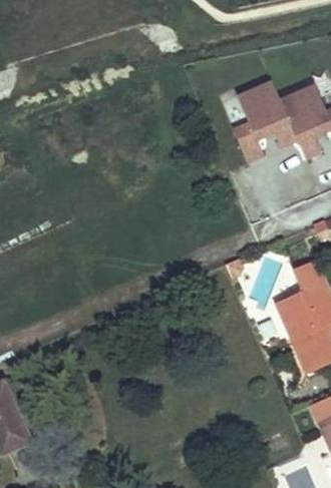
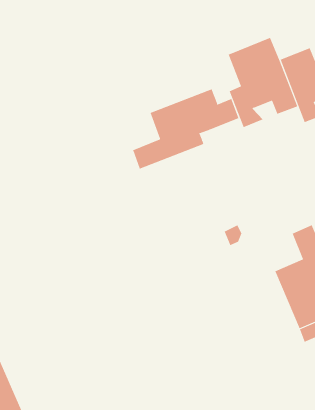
building: none -> [132,88,239,169]

